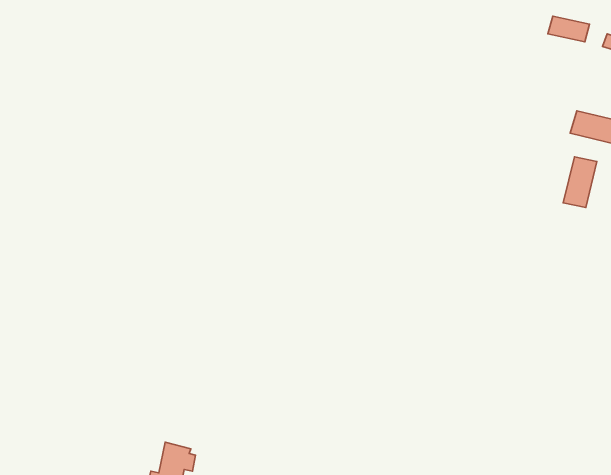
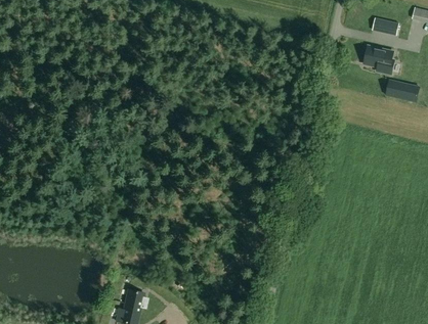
building: none -> [363,46,393,75]
building: [563,157,597,207] -> none

